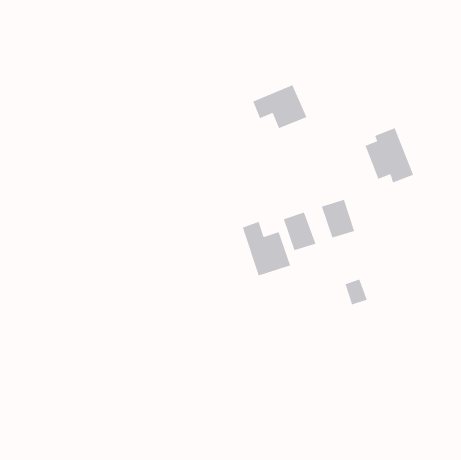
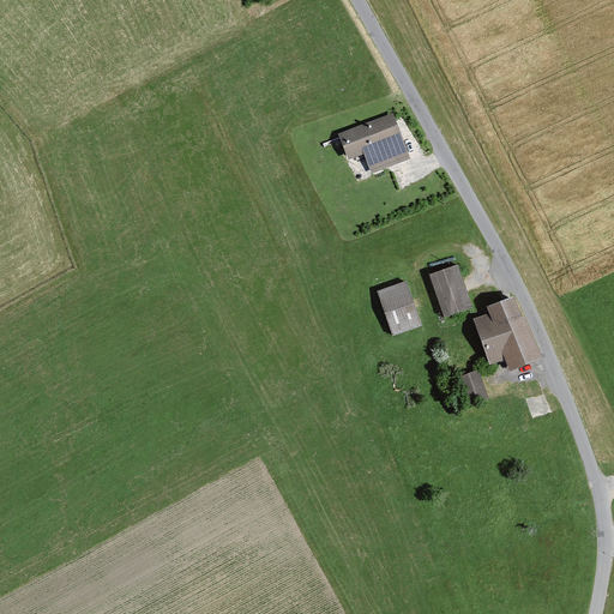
building: [364,127,414,183] -> [471,295,537,369]
building: [242,221,291,276] -> none

